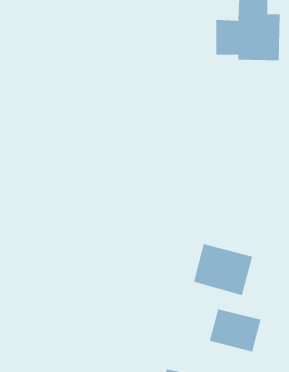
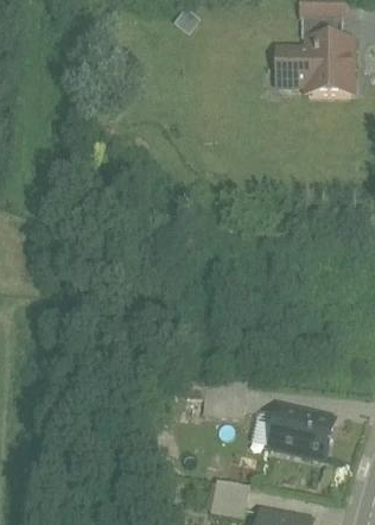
building: [193,243,253,296] -> none

